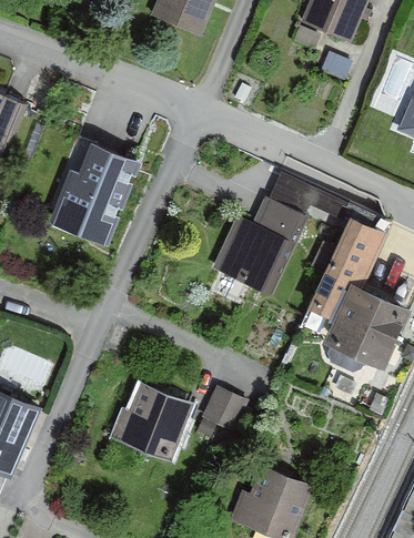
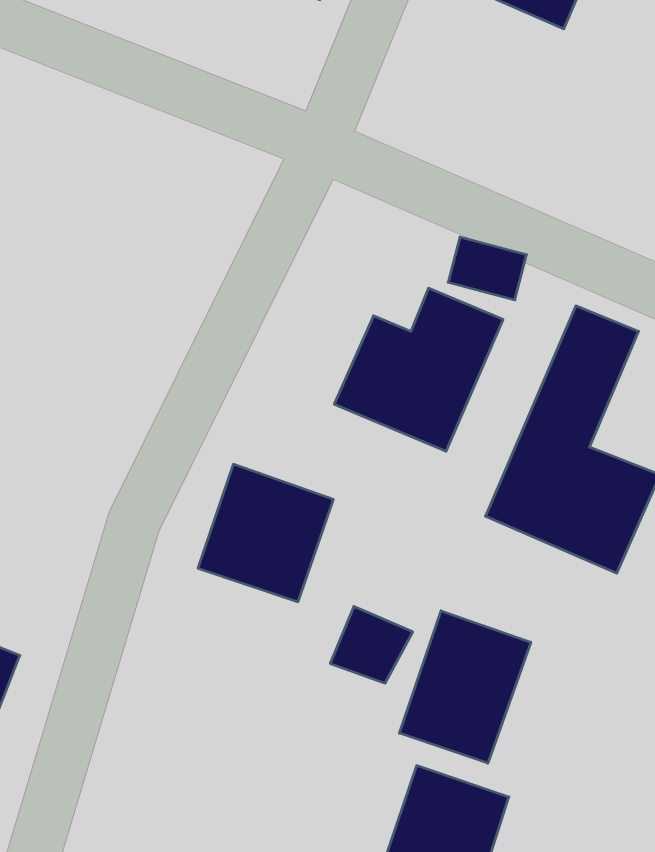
building: [54,144,145,246] -> none
building: [109,378,185,456] -> [198,464,333,602]
building: none -> [399,611,531,763]

